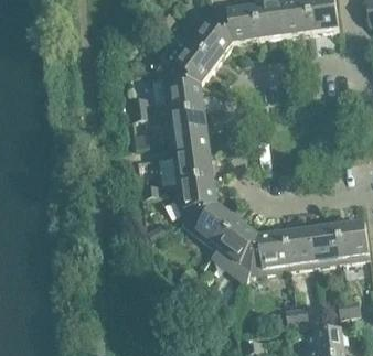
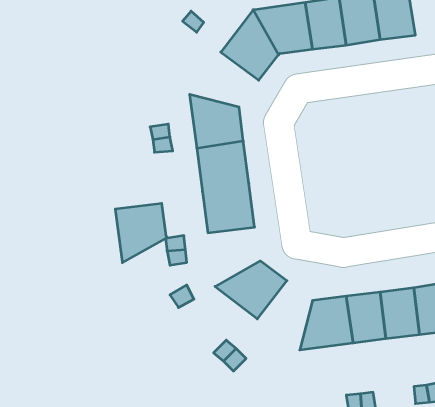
building: [163,34,219,84] -> none
building: [179,177,220,224] -> [115,203,167,263]
building: [212,219,260,284] -> none

